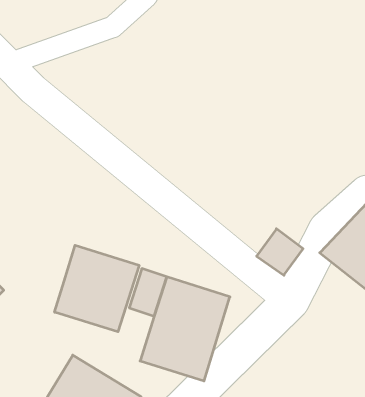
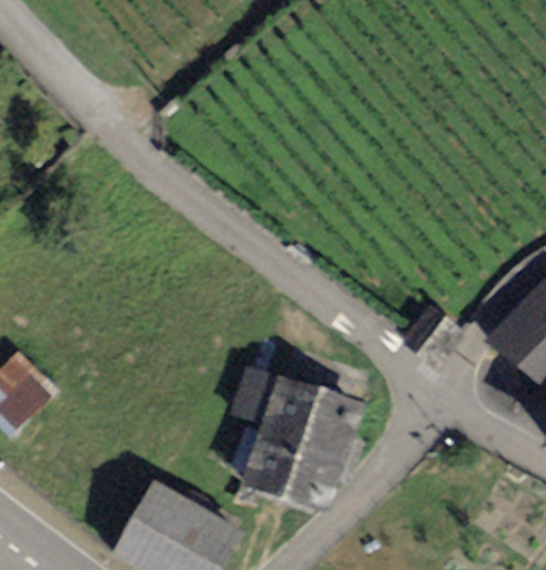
building: [55,245,139,332] -> none

